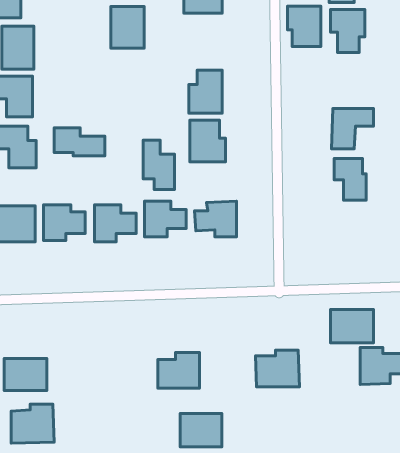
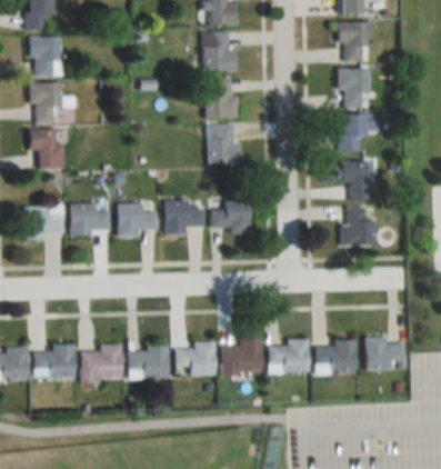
building: [287,6,321,46] -> [339,68,370,106]
building: [111,6,144,48] -> [204,32,235,71]
building: [54,128,105,156] -> none
building: [143,140,175,190] -> none
building: none -> [345,207,375,246]
building: [331,309,373,343] -> [317,341,357,372]
building: none -> [129,346,168,378]
building: [11,404,54,443] -> [82,345,122,381]
building: [180,414,222,447] -> [223,341,262,372]

